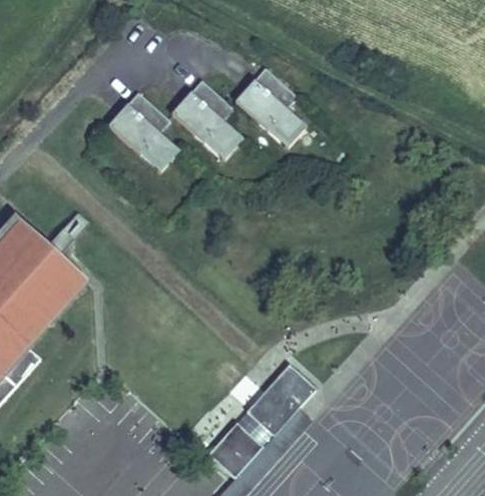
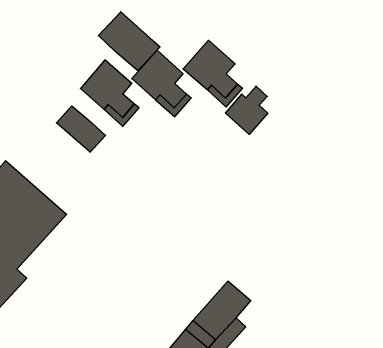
building: none -> [98,12,160,71]
building: none -> [225,86,268,134]
building: none -> [56,106,106,152]

